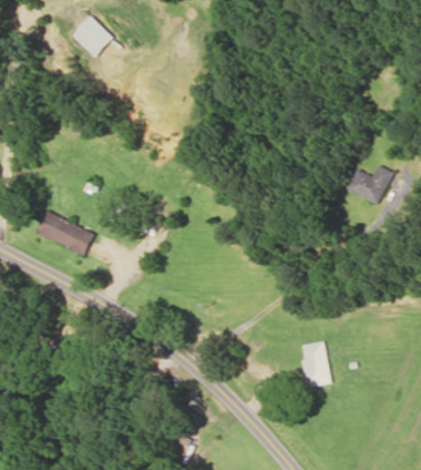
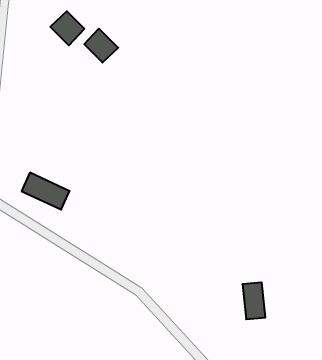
building: none -> [84,29,118,63]
building: [346,165,390,204] -> none

